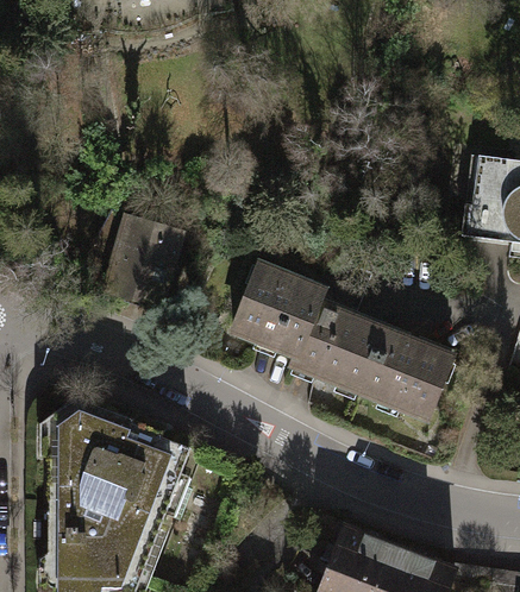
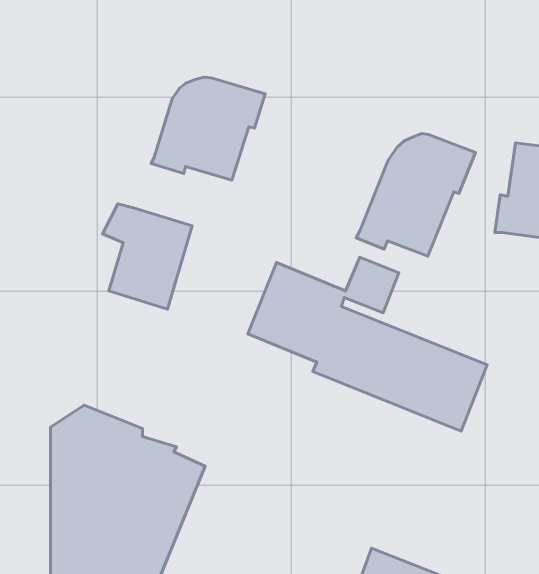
building: none -> [151,77,265,180]
building: none -> [356,134,476,256]

